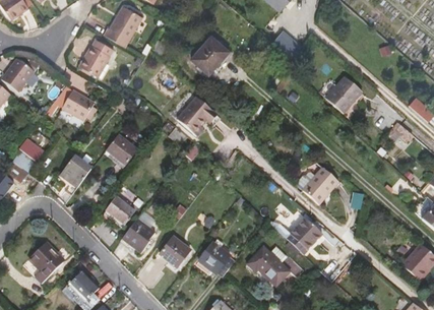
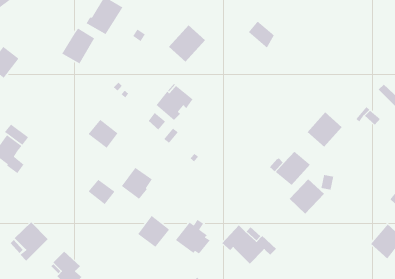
building: [325,75,363,113] -> [307,112,343,148]
building: [62,88,95,121] -> none
building: [60,154,92,188] -> none
building: [286,216,323,254] -> [289,178,325,214]
building: [122,218,156,252] -> [121,167,153,200]

